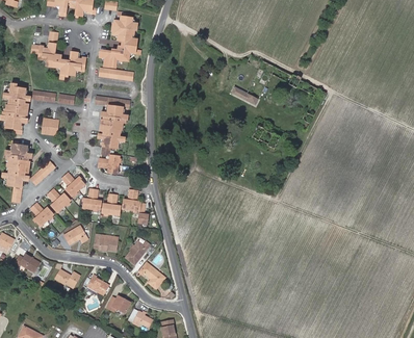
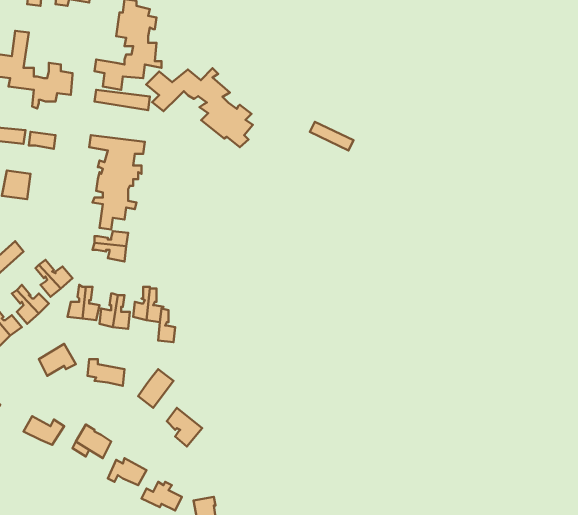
building: none -> [146,68,253,147]

